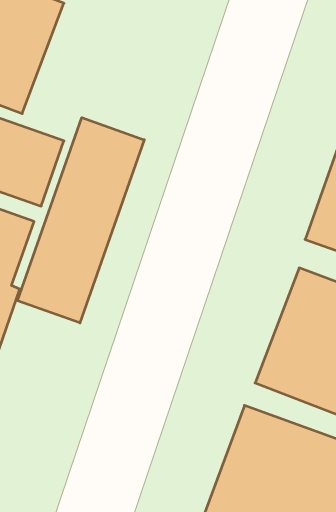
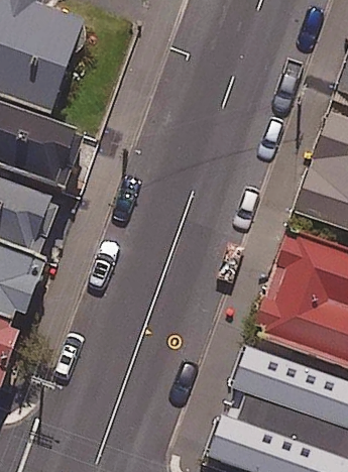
building: [18,118,144,323] -> none

